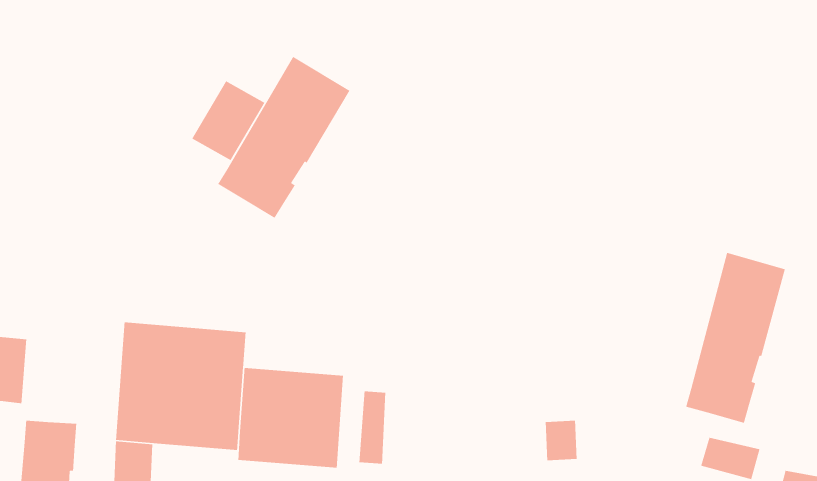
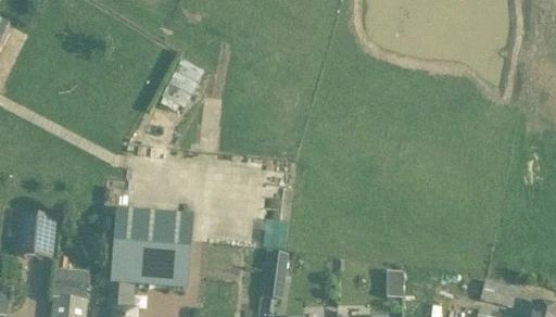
building: [217,56,350,219] -> none
building: [685,252,786,424] -> none
building: [237,367,344,468] -> none

